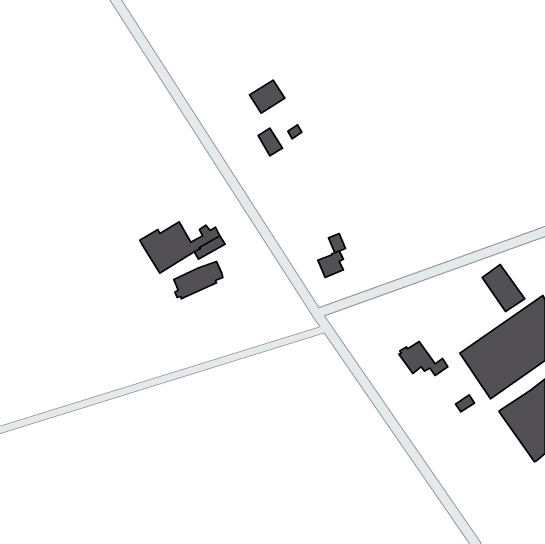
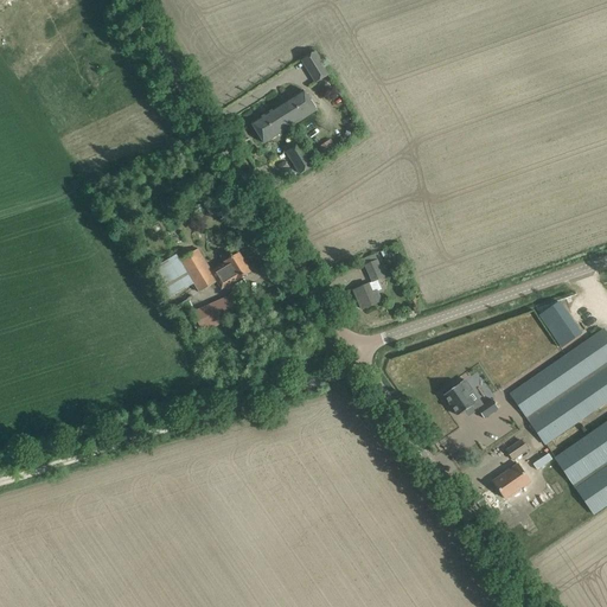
building: none -> [300,50,330,83]
building: none -> [251,106,290,142]
building: none -> [493,464,530,498]

